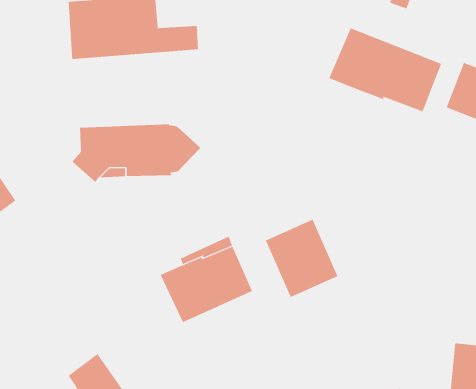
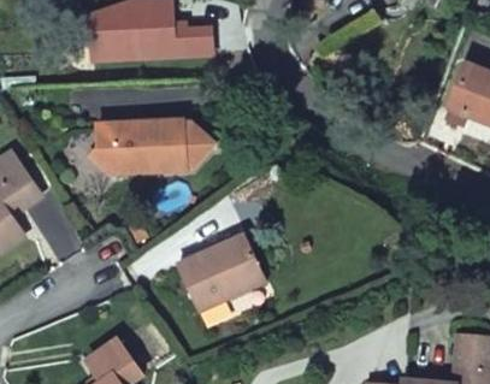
building: [329,27,442,112] -> none
building: [265,219,338,298] -> none

